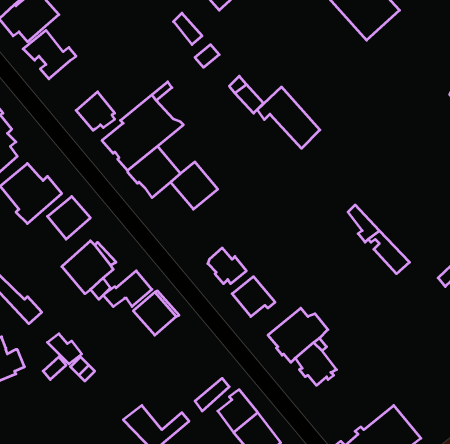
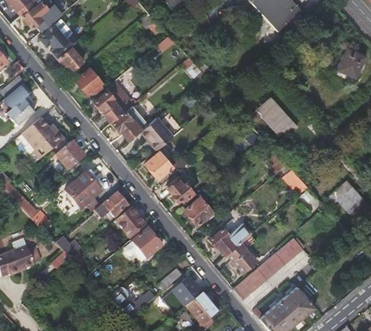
building: none -> [57,42,84,72]
building: [257,87,320,148] -> [252,98,296,141]
building: none -> [145,149,189,180]
building: none -> [122,228,162,262]
building: none -> [233,237,303,300]

